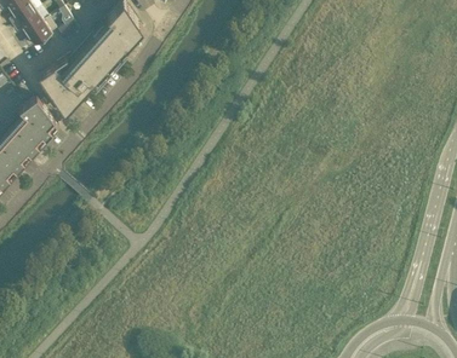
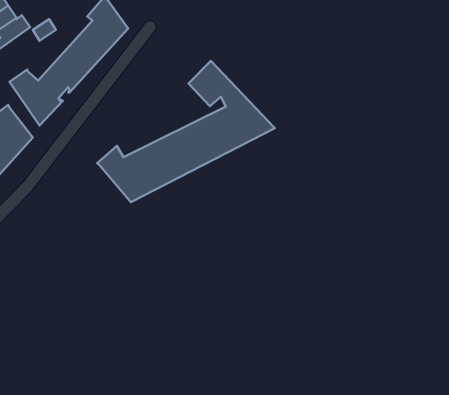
building: none -> [97,61,275,202]

